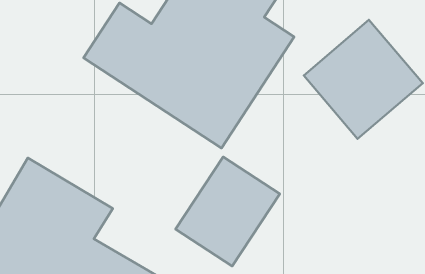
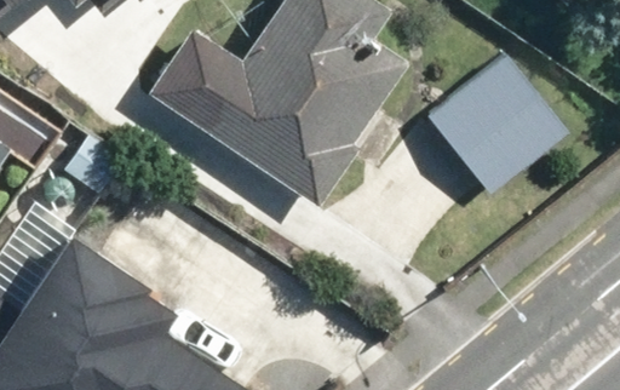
building: [175,157,280,266] -> none

